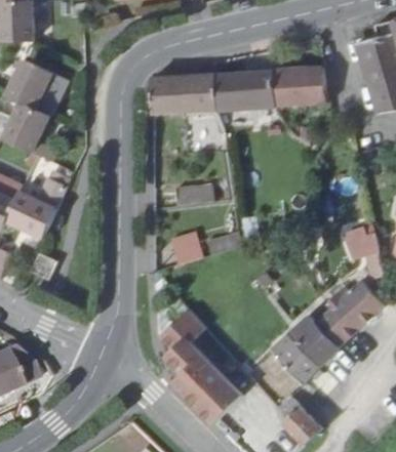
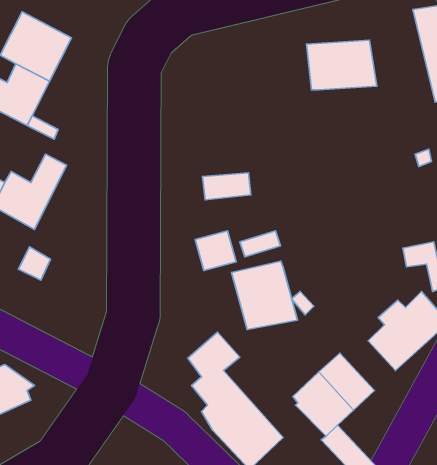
building: [145,78,268,124] -> none
building: none -> [231,261,297,330]
building: [291,321,338,365] -> none

